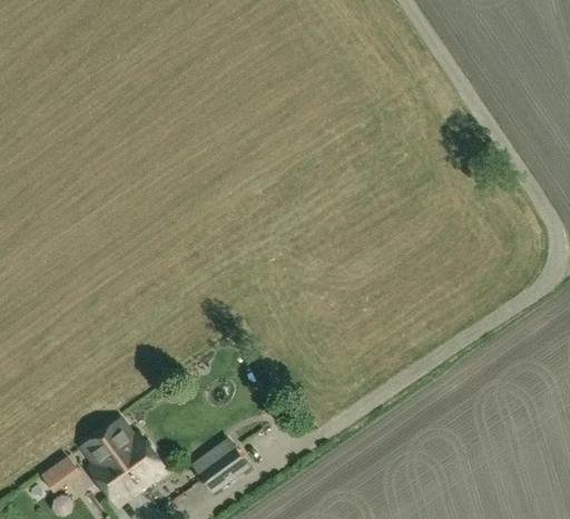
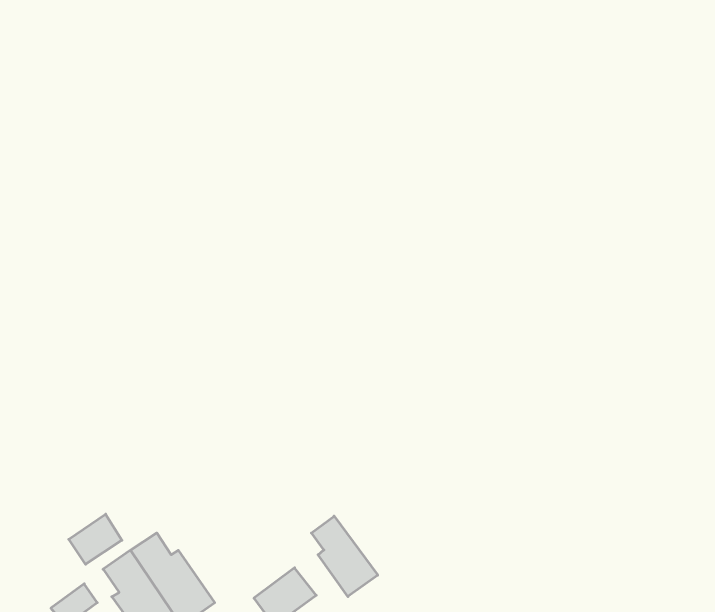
building: none -> [69,514,122,564]
building: none -> [311,516,378,597]

